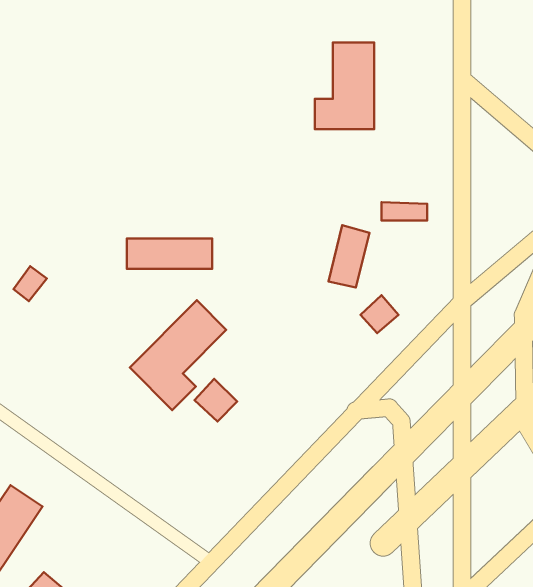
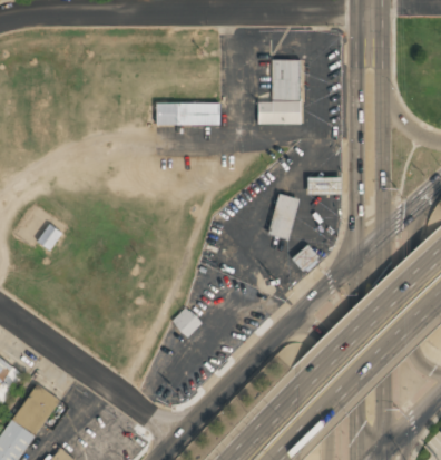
building: [127,238,212,269] -> [157,101,219,124]
building: [130,300,226,410] -> none

